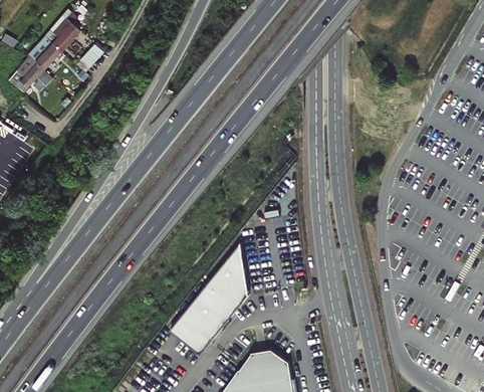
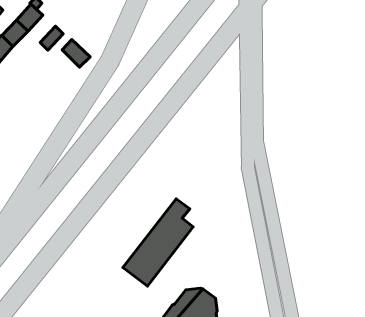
building: none -> [62,40,90,67]

